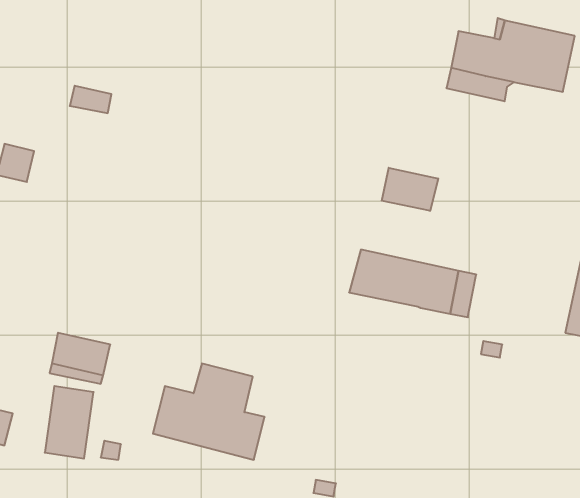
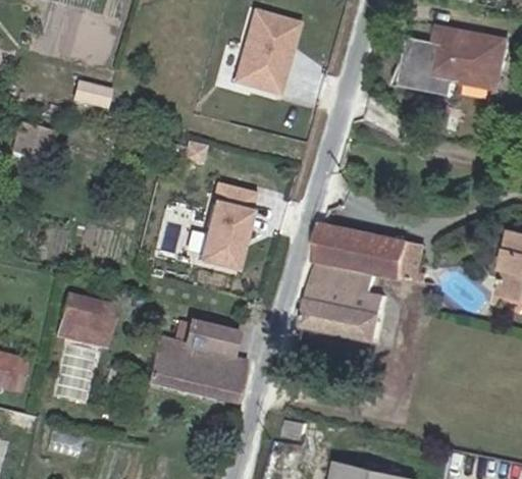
building: none -> [225,17,293,101]
building: [382,168,438,211] -> none
building: none -> [190,184,247,269]
building: none -> [299,260,384,342]

